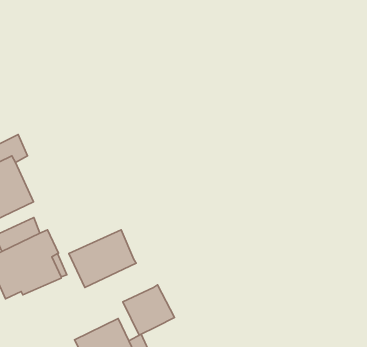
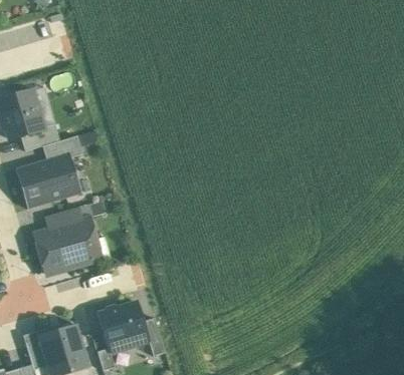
building: [69,230,136,288] -> none
building: [123,285,175,335] -> none

